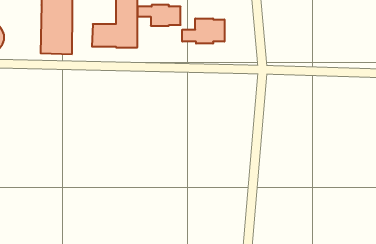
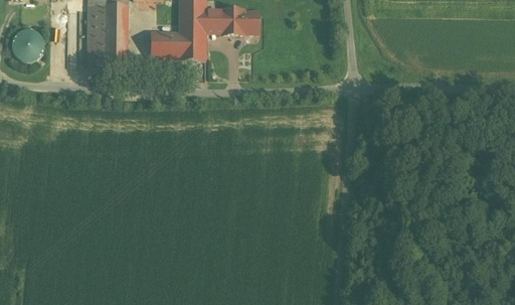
building: [182,18,224,44] -> none

